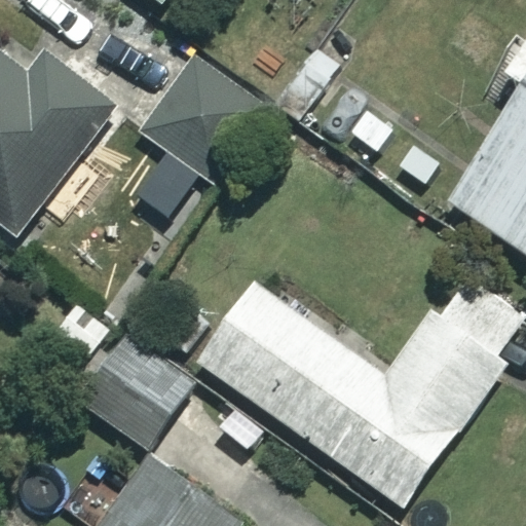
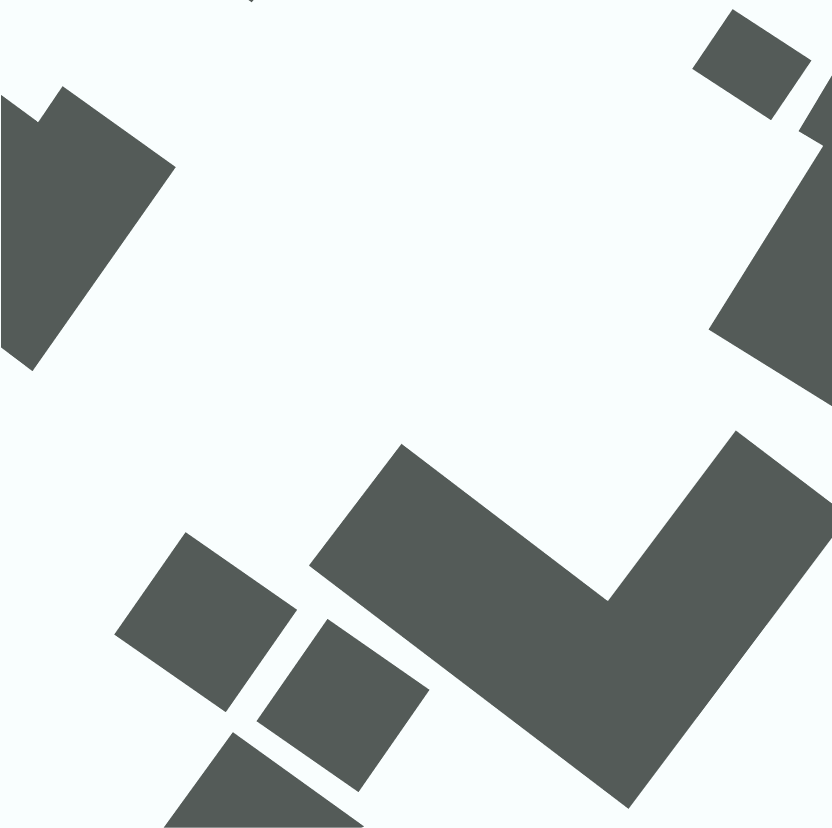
building: [145,58,256,174] -> none
building: none -> [256,618,430,793]

